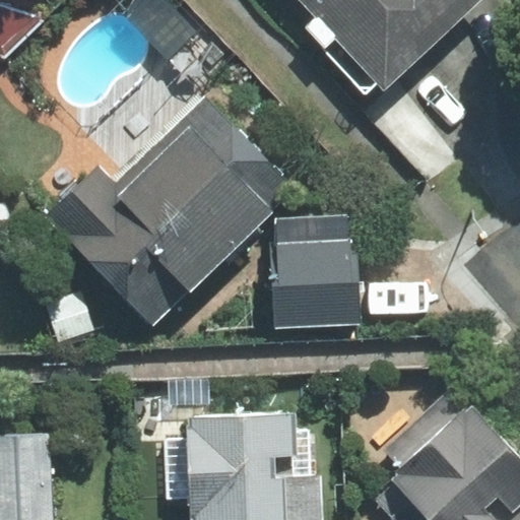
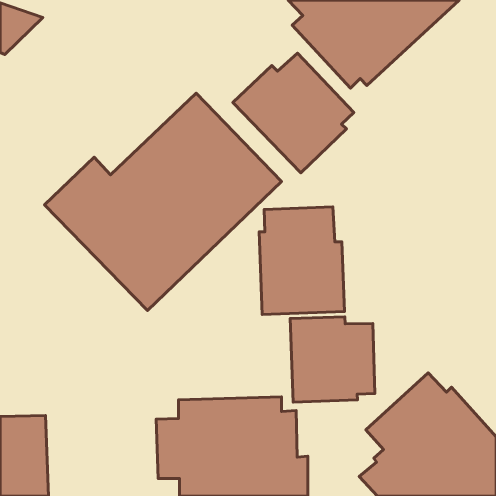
building: none -> [233,53,354,173]
building: none -> [290,317,375,402]

